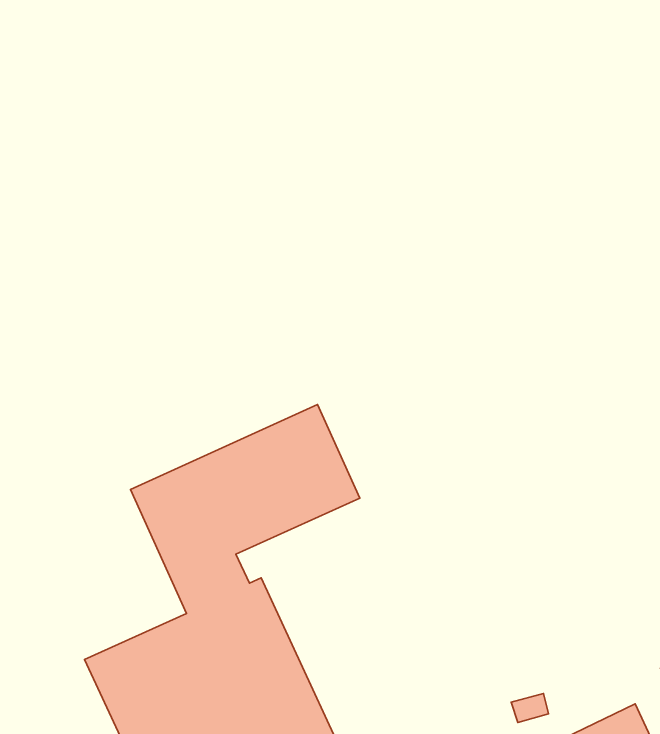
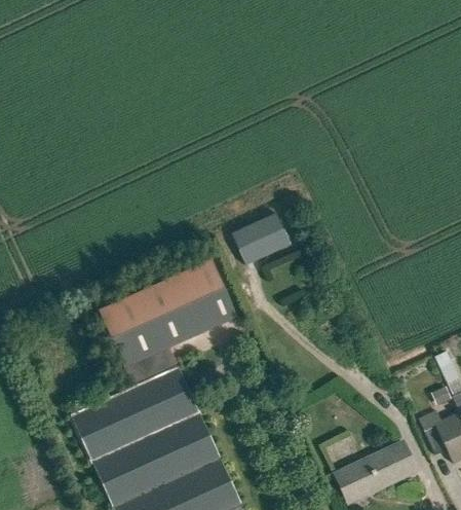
building: none -> [233,214,292,264]

